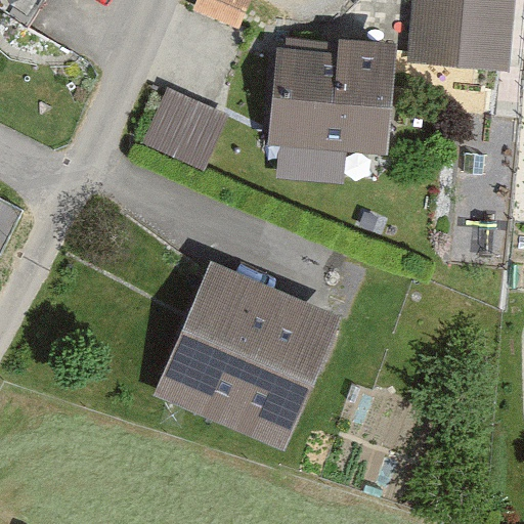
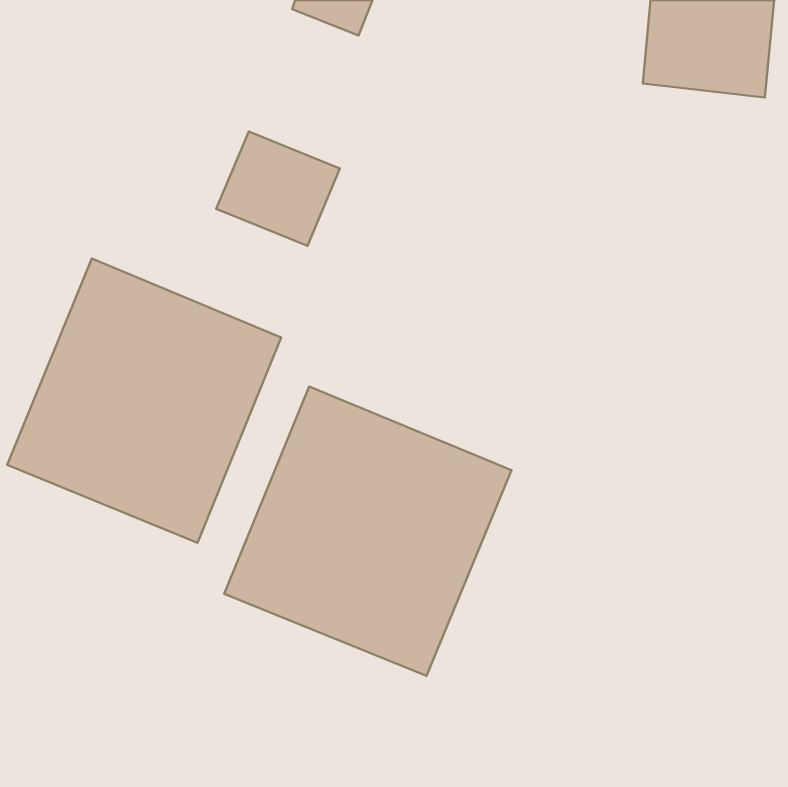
building: [268,34,397,185] -> none
building: none -> [7,259,281,543]

